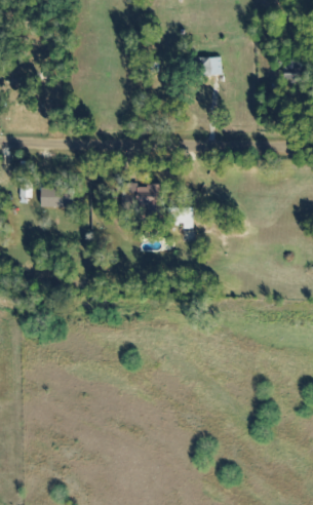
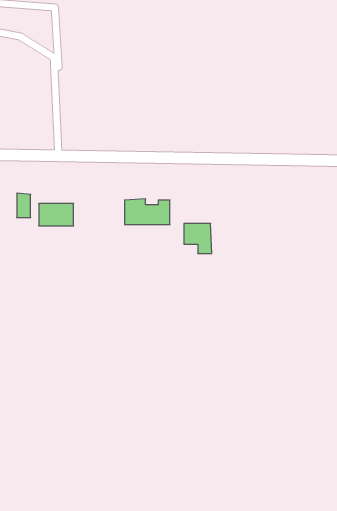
building: [194,56,221,75] -> none

